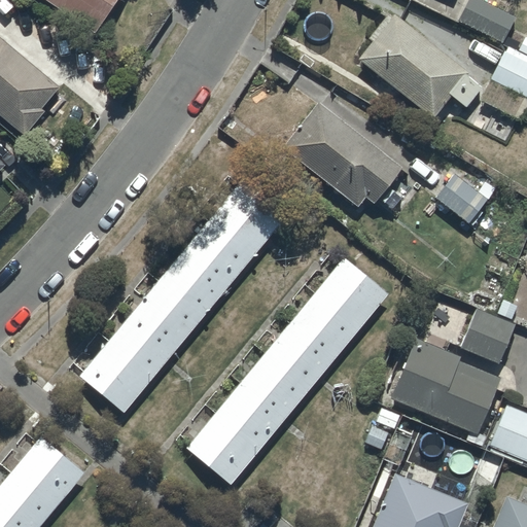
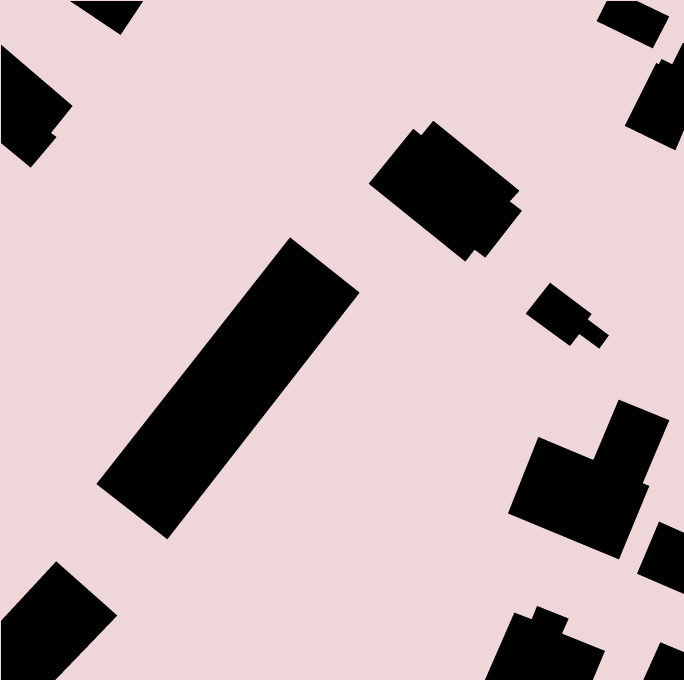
building: [358,12,482,116] -> none
building: [434,174,500,226] -> [524,282,610,350]
building: [182,255,392,486] -> none

